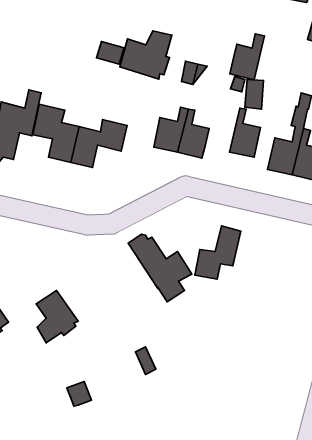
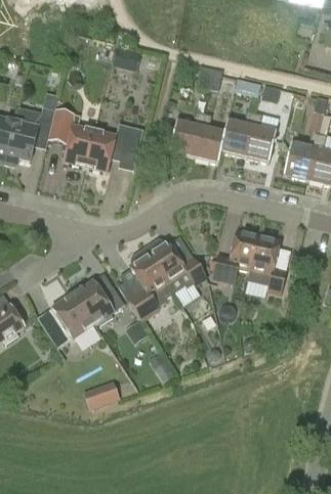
building: [120,31,172,79] -> none
building: [230,34,265,80] -> [220,109,255,155]
building: none -> [247,234,286,295]
building: none -> [127,246,173,319]
building: none -> [72,279,123,324]

